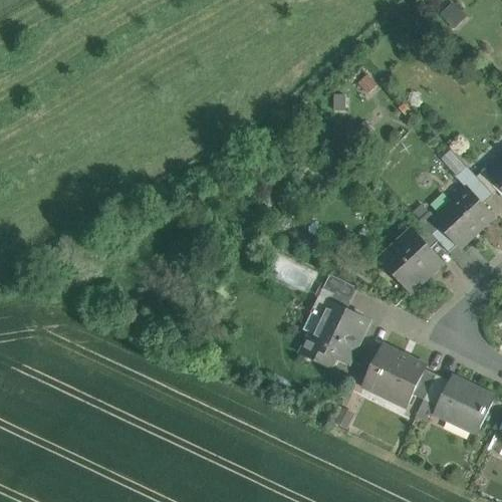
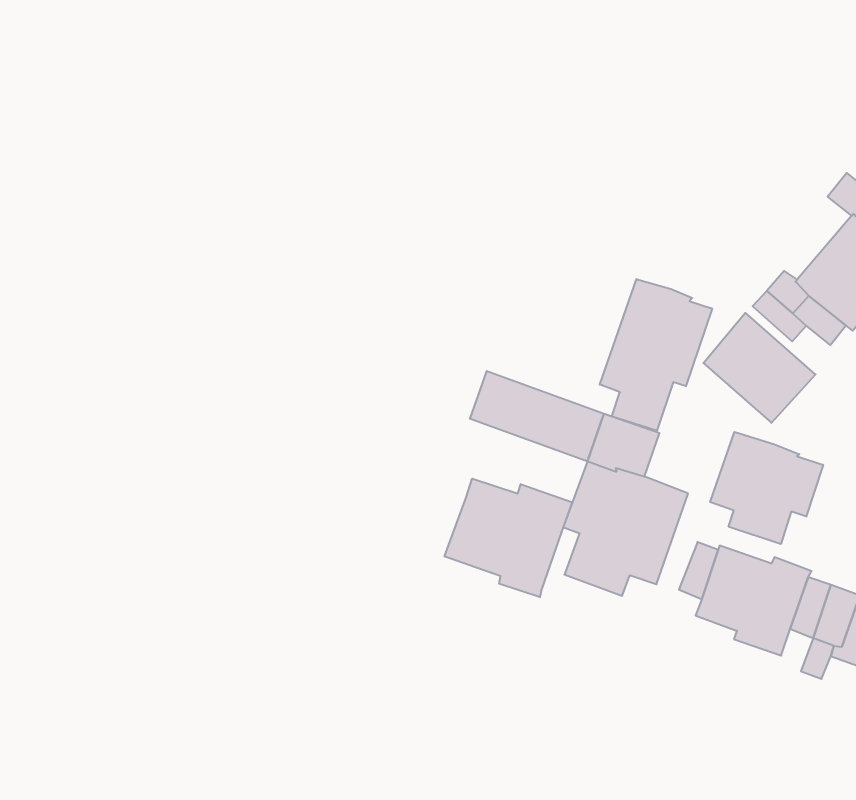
building: none -> [600,279,712,431]
building: none -> [710,432,823,544]
building: none -> [445,479,572,597]

